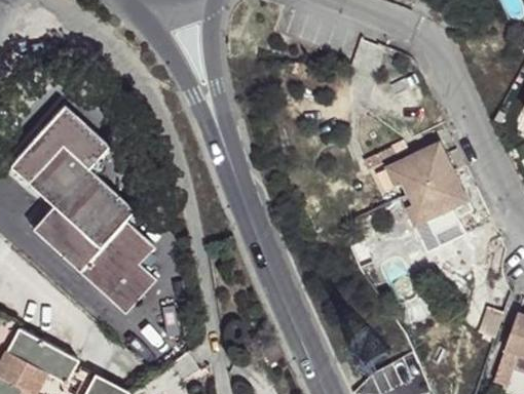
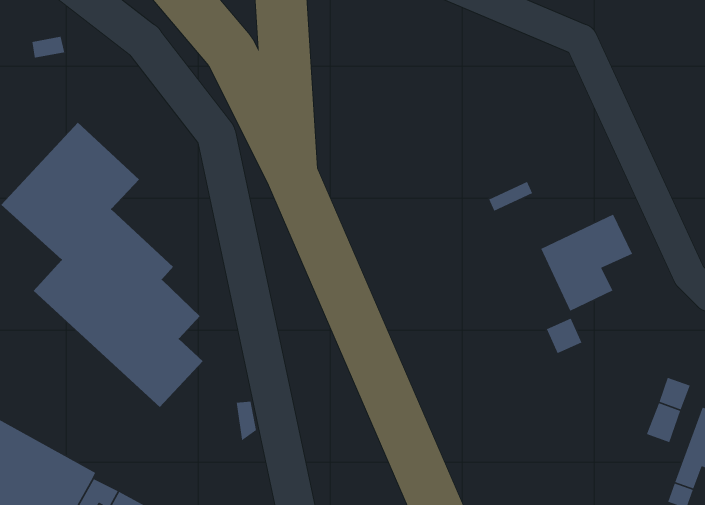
building: [387,142,455,197] -> none

